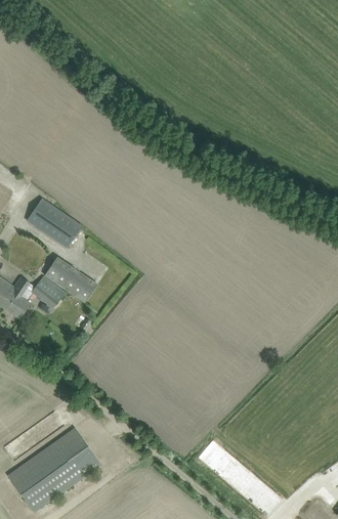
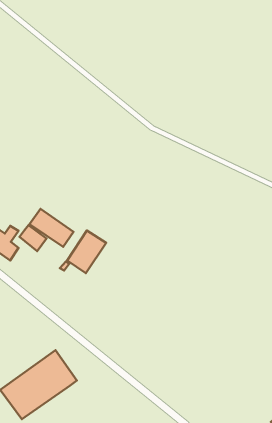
building: [27,199,81,248] -> none
building: none -> [67,230,106,273]

